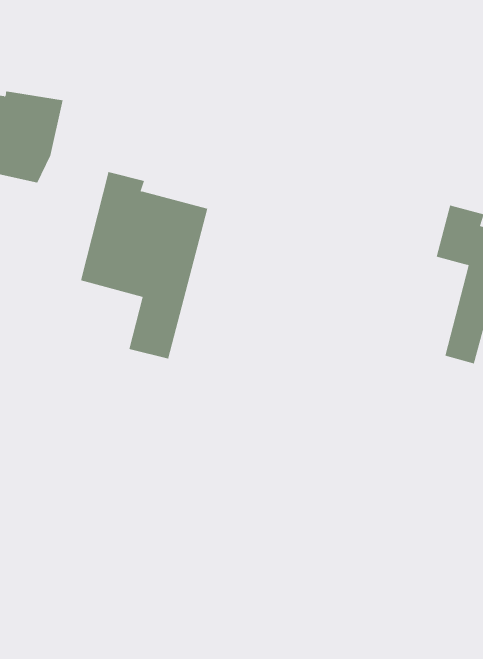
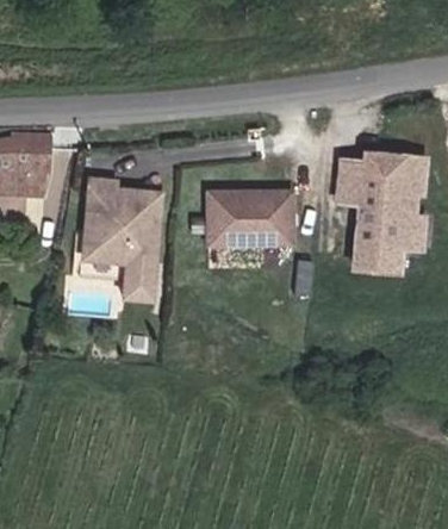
building: none -> [211,189,298,247]

